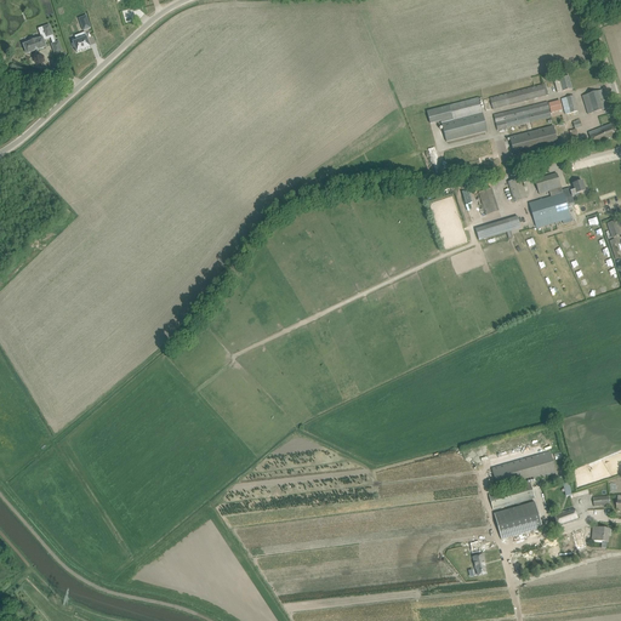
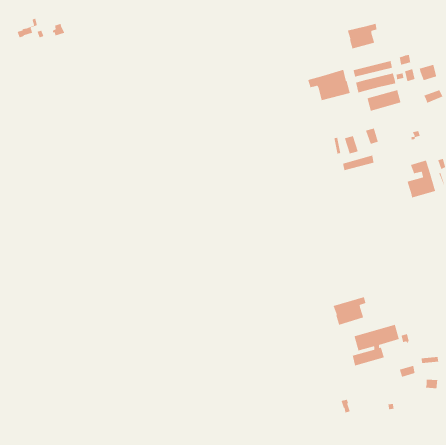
building: none -> [347,23,378,49]
building: [529,172,570,227] -> [406,159,436,199]
building: none -> [333,296,367,326]
building: [494,501,542,539] -> none

